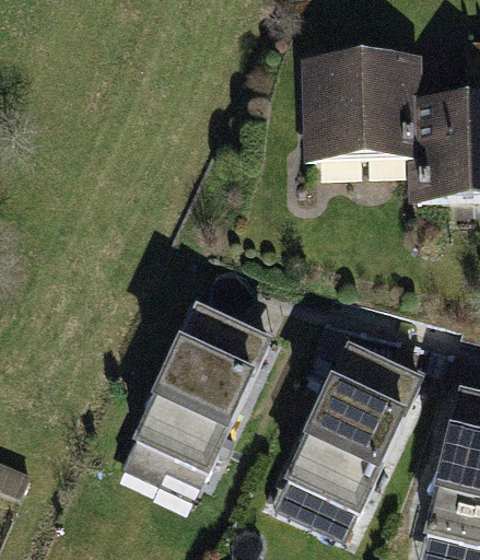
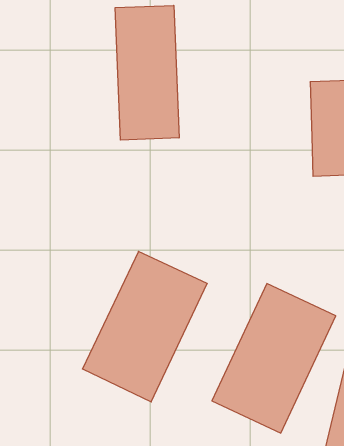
building: none -> [115,5,179,140]
building: [292,60,403,173] -> none

